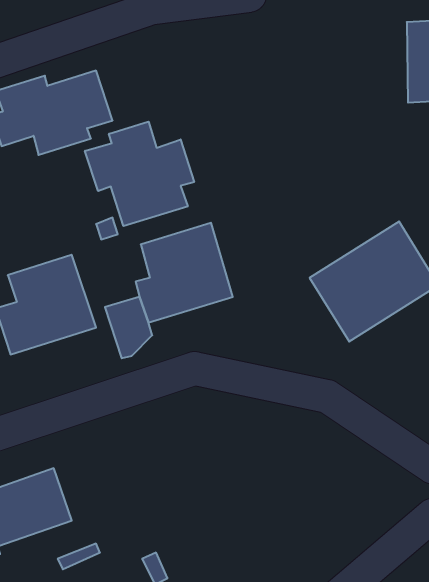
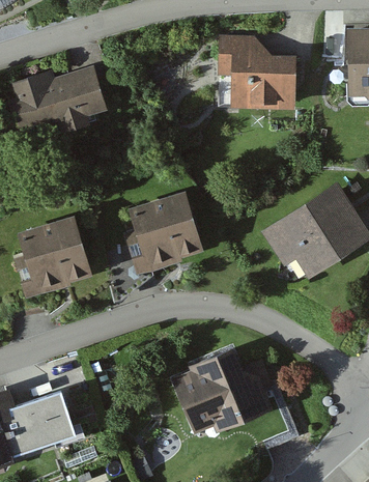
building: none -> [218,37,296,110]
building: [85,122,194,226] -> none
building: none -> [172,349,272,434]

